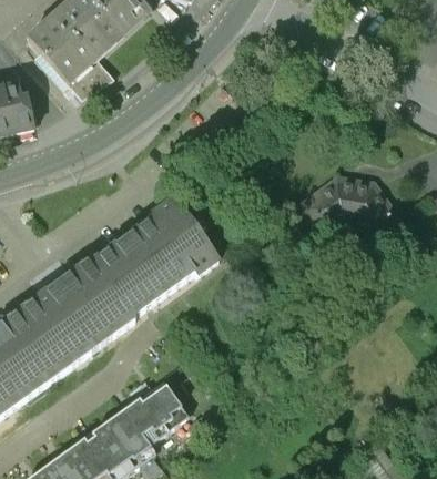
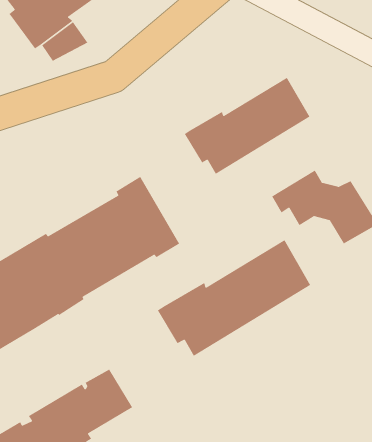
building: none -> [184,77,310,175]
building: none -> [157,239,311,357]

